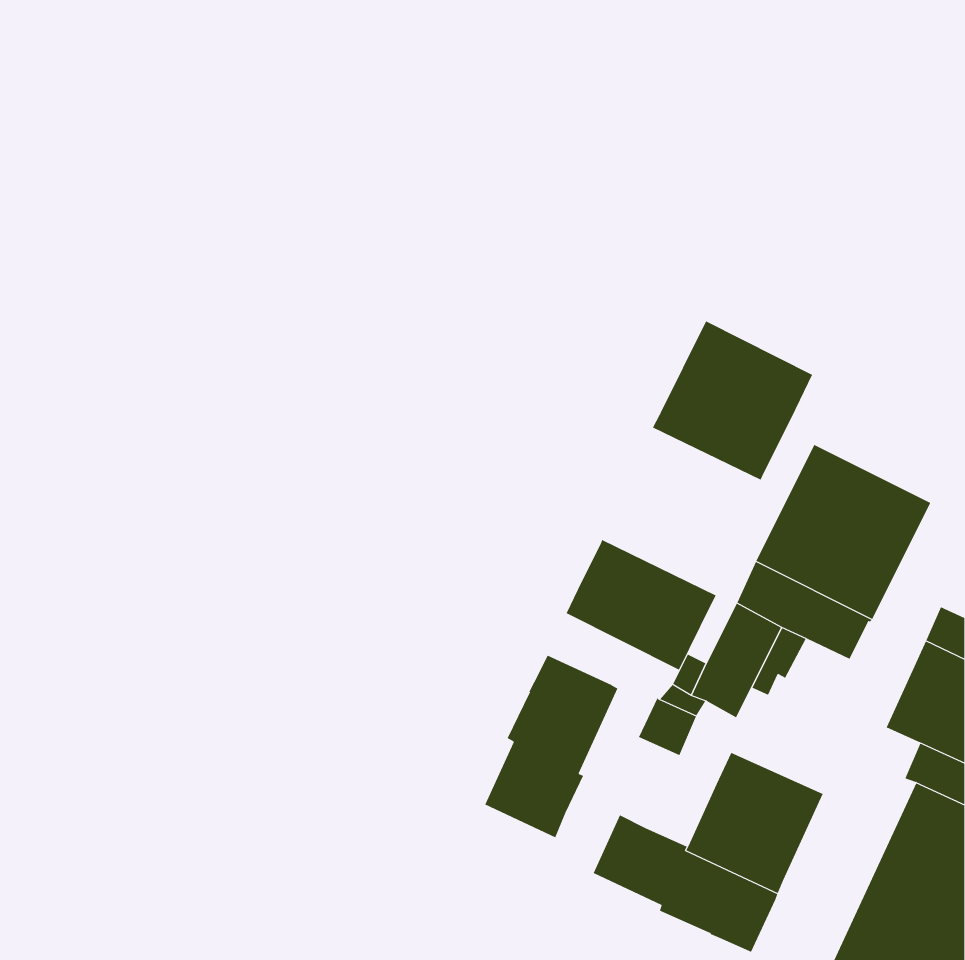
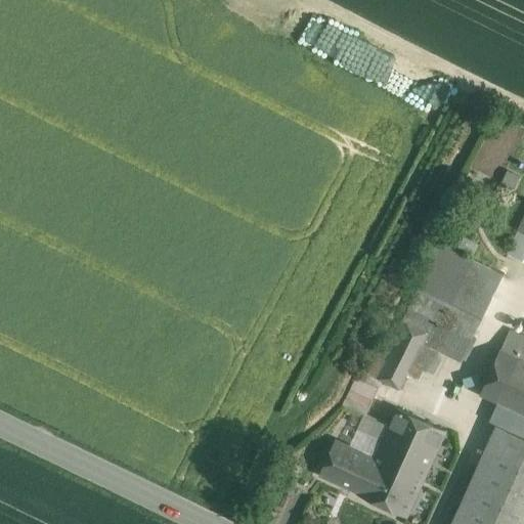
building: [652,320,813,480] -> none
building: [566,539,717,671] -> none
building: [485,655,618,838] -> none
building: none -> [350,418,388,462]

